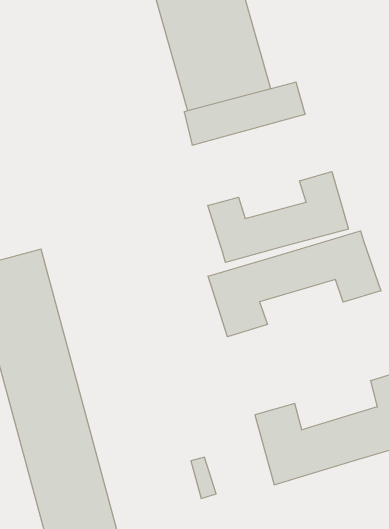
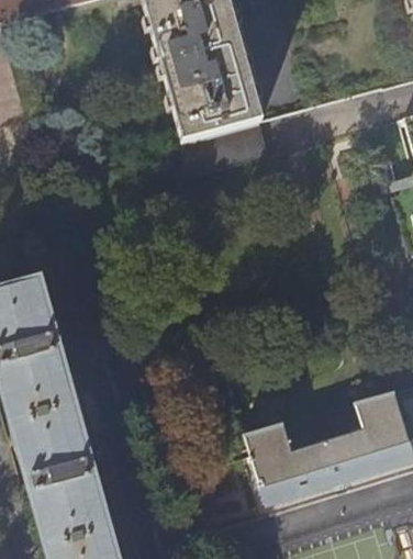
building: [208,172,349,262] -> none
building: [208,231,381,337] -> none

